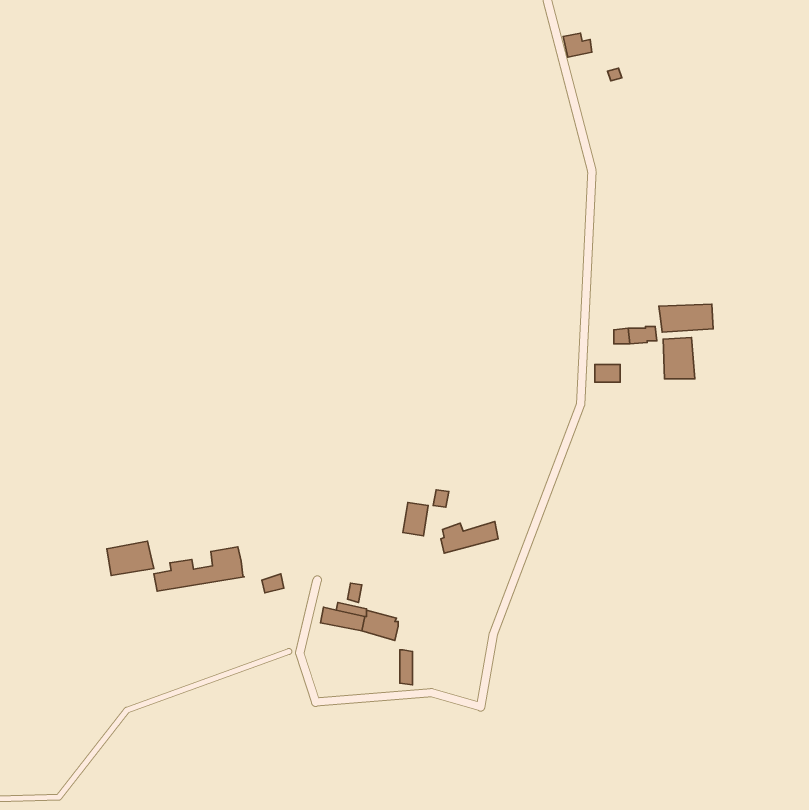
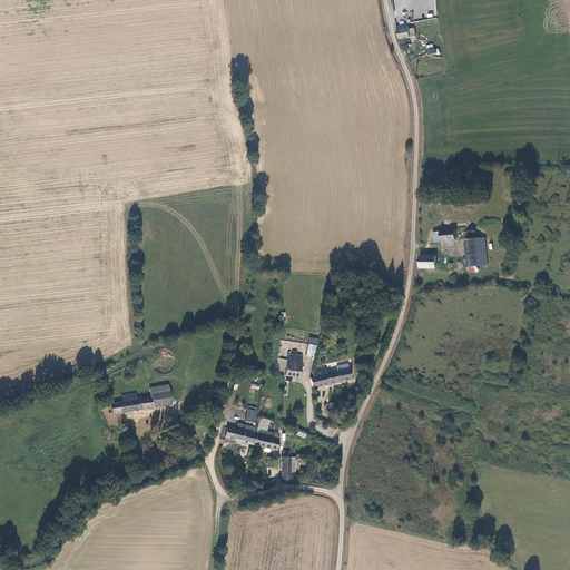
building: [659,304,713,332] -> none
building: [107,541,154,575] -> none

